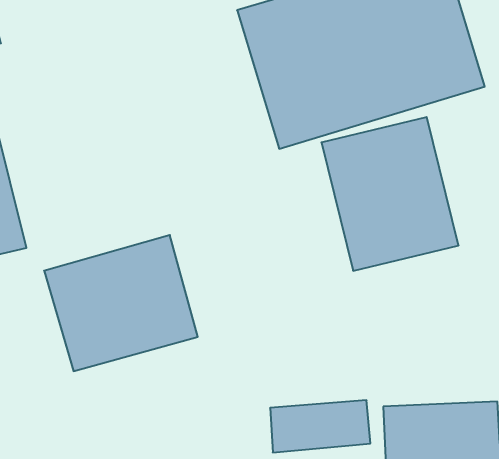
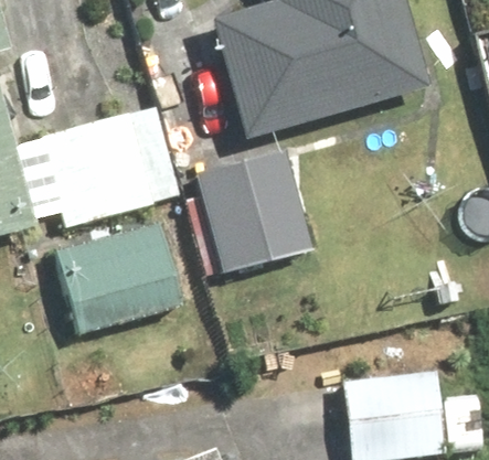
building: none -> [39,104,180,227]
building: [321,117,459,271] -> [191,142,310,276]

